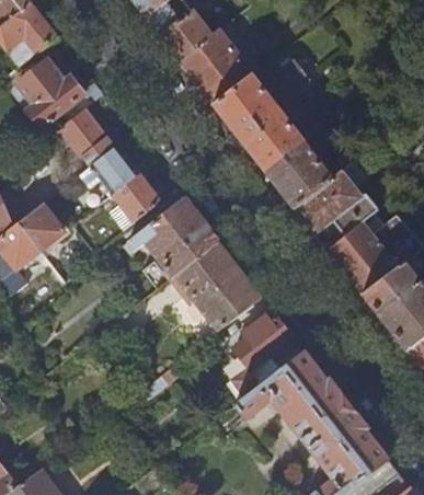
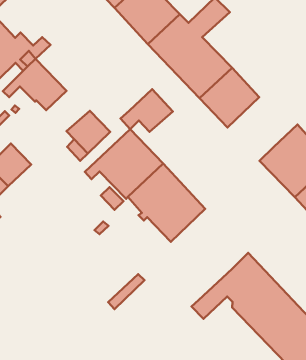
building: [80,146,140,194] -> [120,89,173,132]
building: [295,169,379,234] -> none
building: [230,309,305,400] -> none

